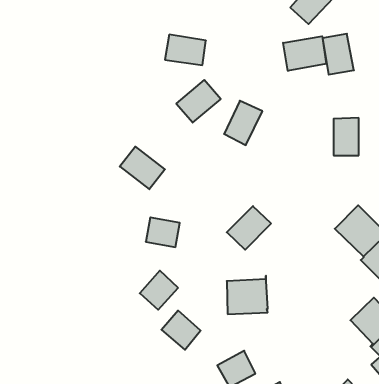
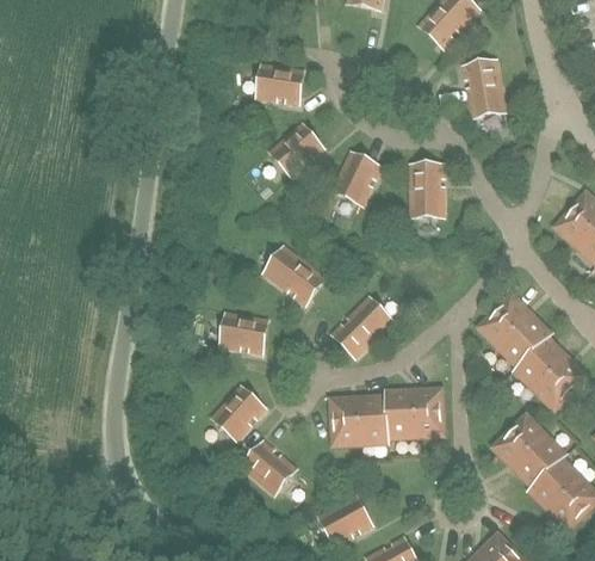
building: [283,36,326,71] -> none
building: [334,118,359,155] -> [409,164,444,215]
building: [120,147,165,189] -> [264,245,326,303]
building: none -> [385,389,441,437]

